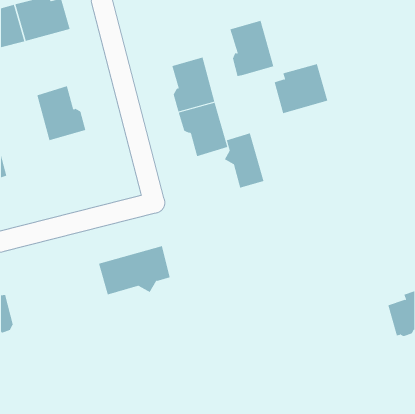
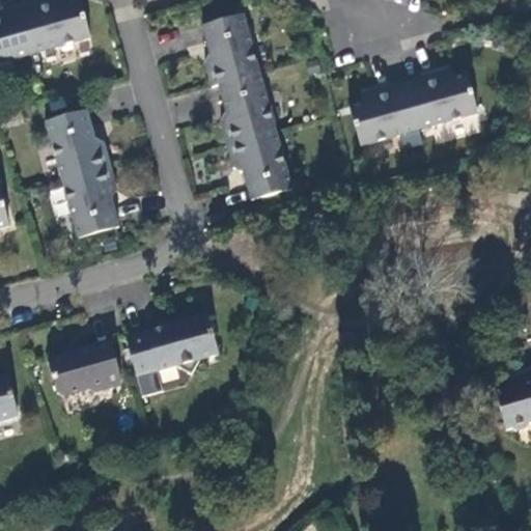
building: [230,20,274,76] -> [202,13,259,85]
building: none -> [406,68,477,129]
building: none -> [62,166,119,237]
building: [224,132,264,188] -> none
building: none -> [48,340,121,395]

